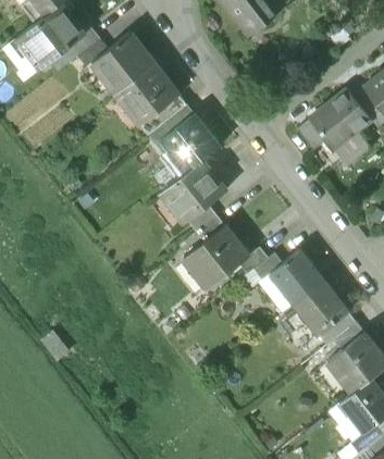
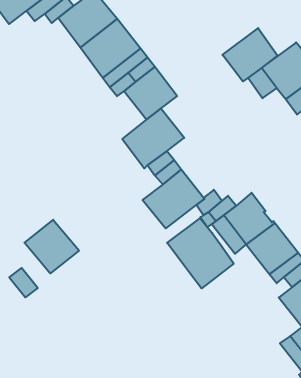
building: none -> [222,28,277,81]
building: none -> [167,218,234,288]
building: none -> [24,220,79,273]

